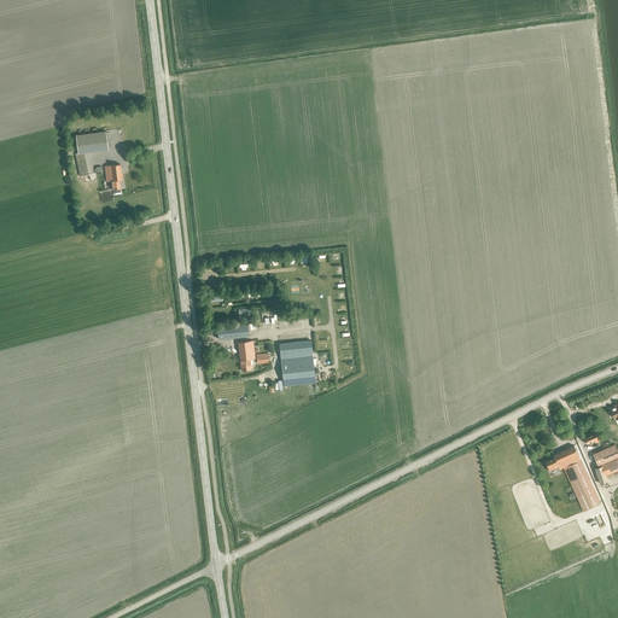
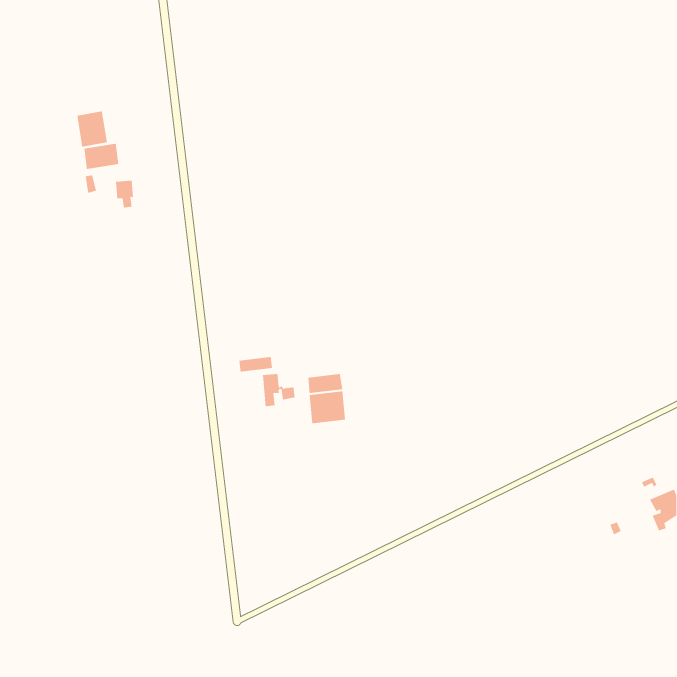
building: none -> [77,111,107,148]
building: [546,445,600,511] -> none

